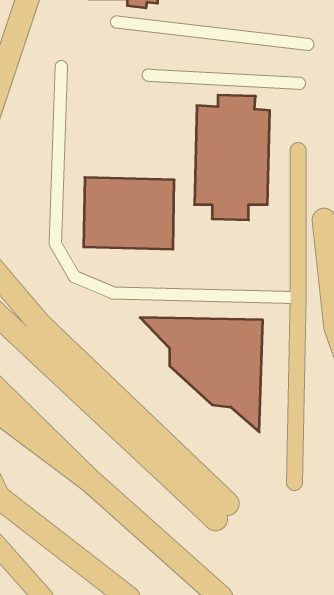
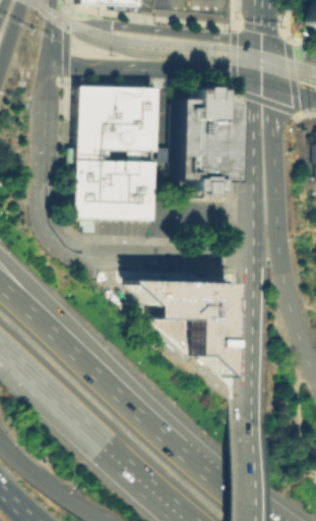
building: none -> [77,85,156,160]

